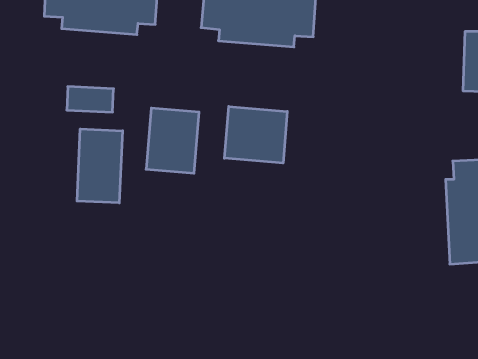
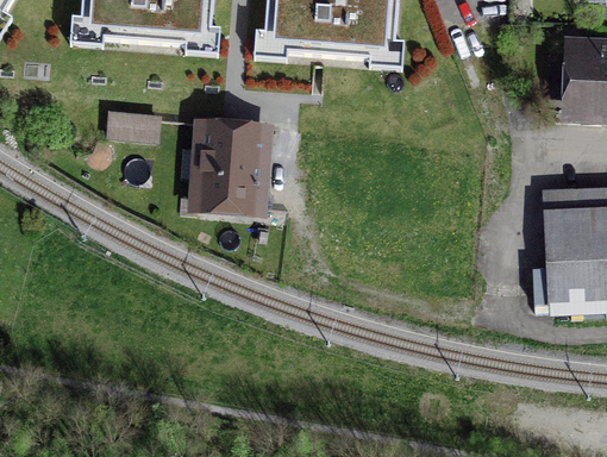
building: [224,106,287,163] -> none
building: [77,129,123,203] -> none

